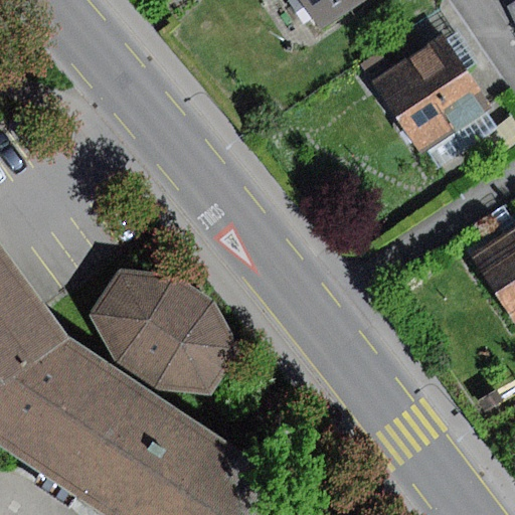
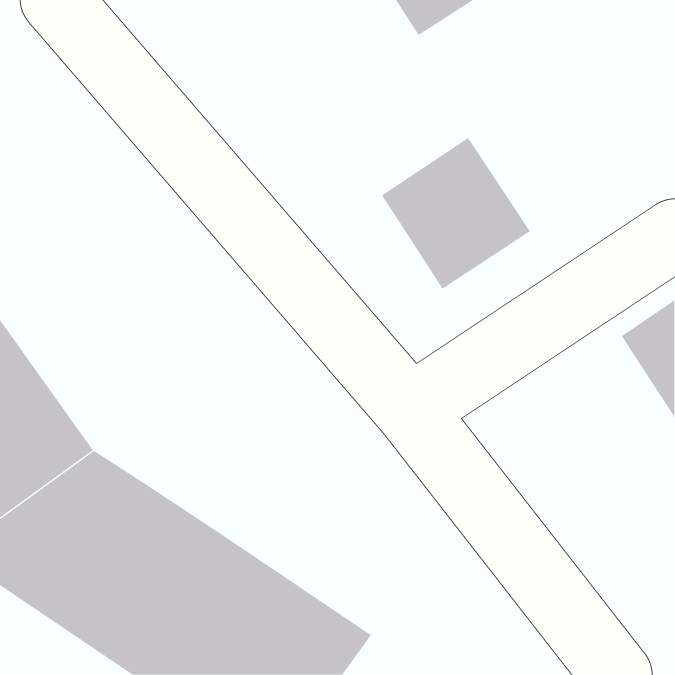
building: [374,35,488,151] -> [381,137,531,289]
building: [91,272,239,403] -> none

